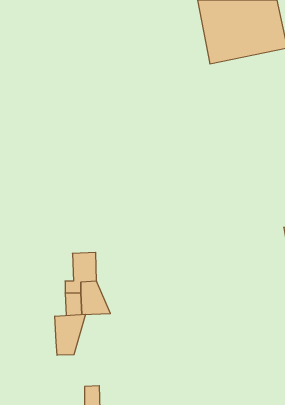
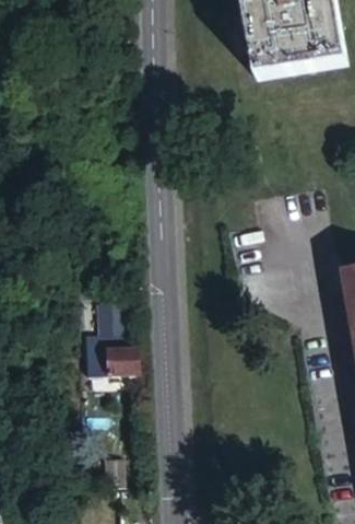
building: [55,314,85,355] -> none

